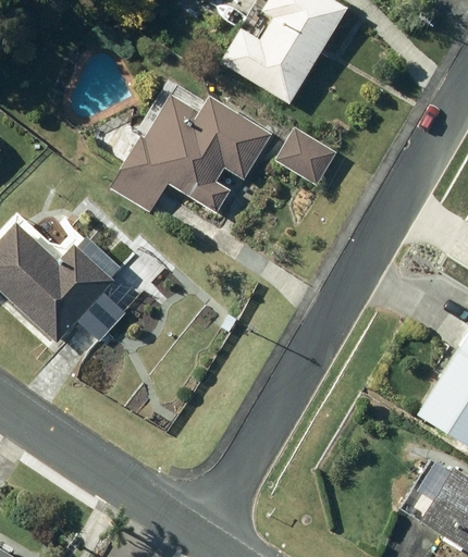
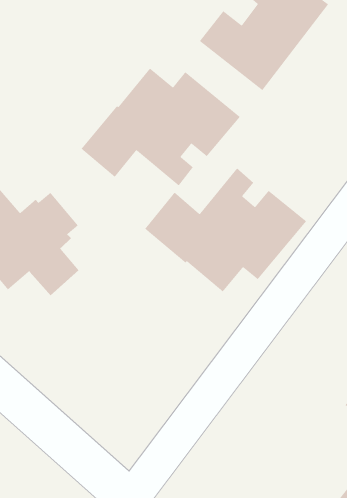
building: [275,127,337,185] -> none
building: none -> [144,168,307,293]

